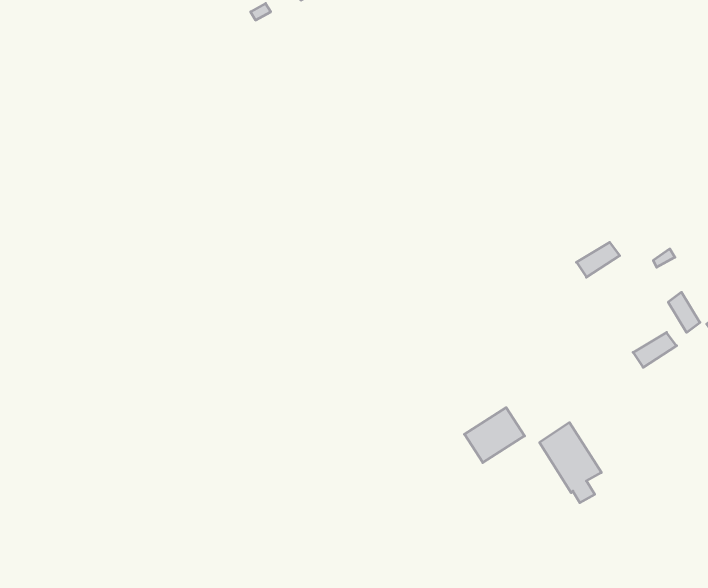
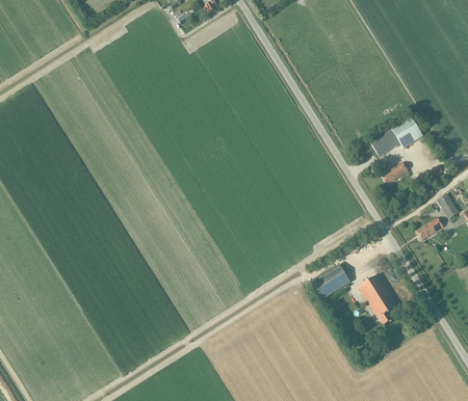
building: none -> [370,116,422,156]

